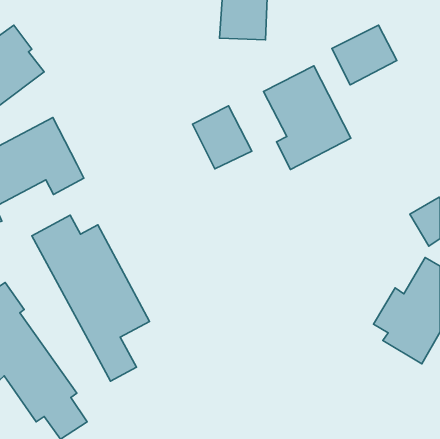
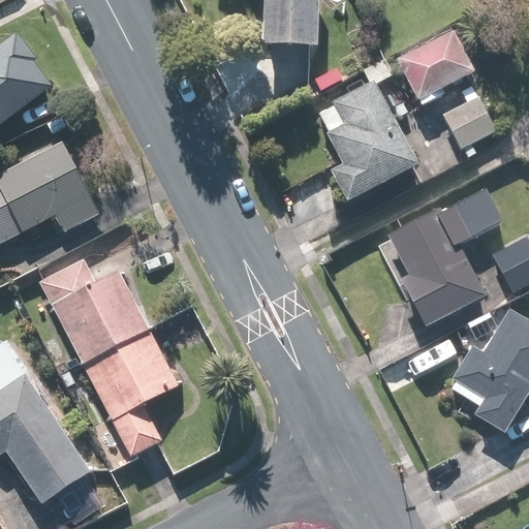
building: none -> [440,94,496,150]
building: [192,106,252,169] -> none
building: none -> [385,185,506,329]

